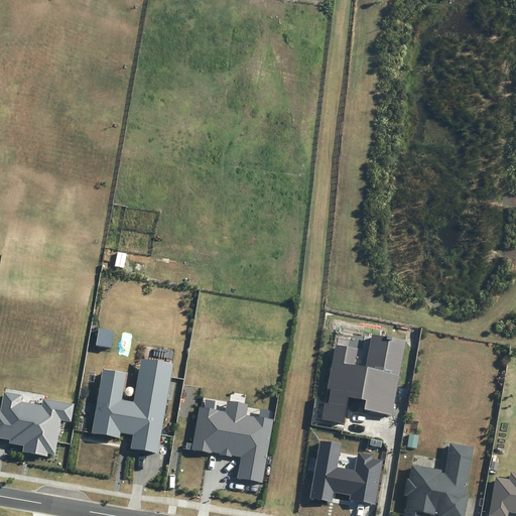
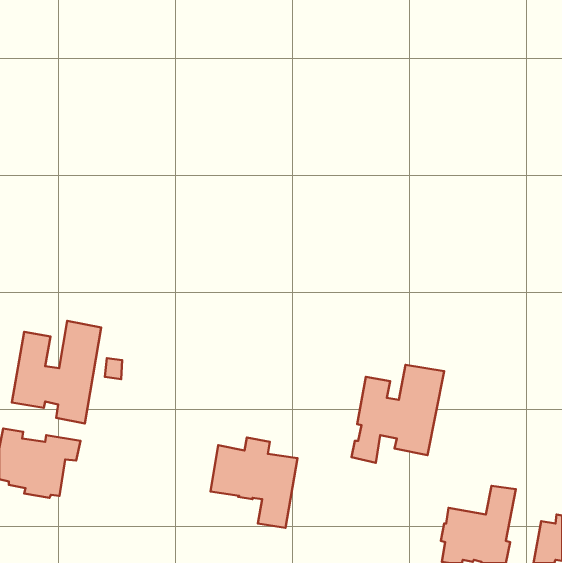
building: [90,359,171,453] -> [12,321,101,423]
building: [309,440,382,505] -> none

